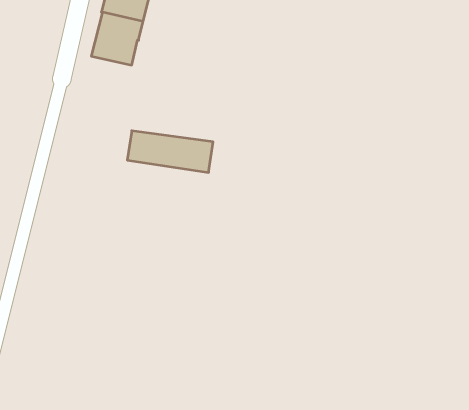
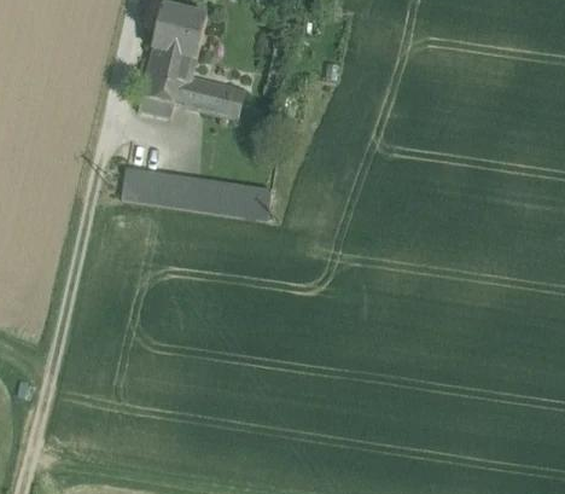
building: none -> [184,79,232,115]
building: none -> [120,167,184,207]

